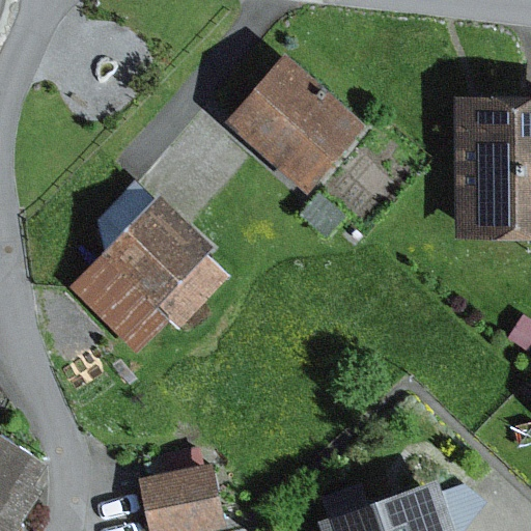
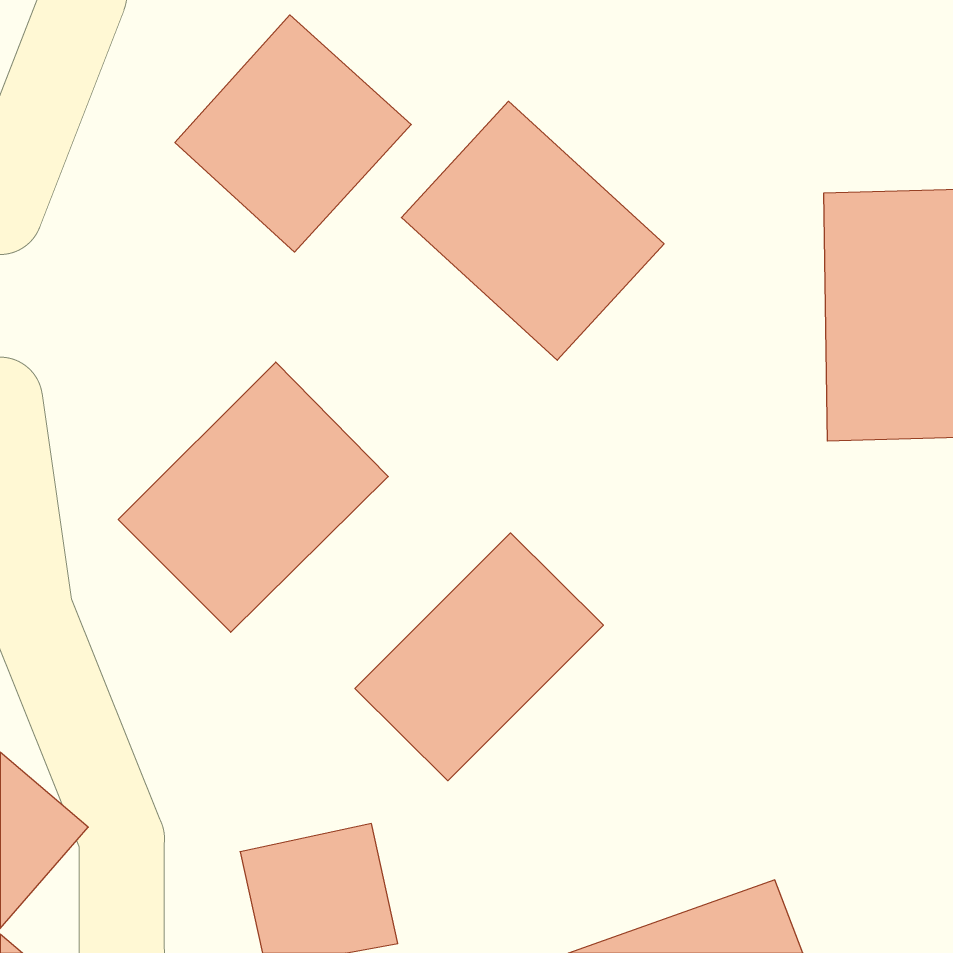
building: none -> [175,15,411,252]
building: none -> [355,533,603,781]

